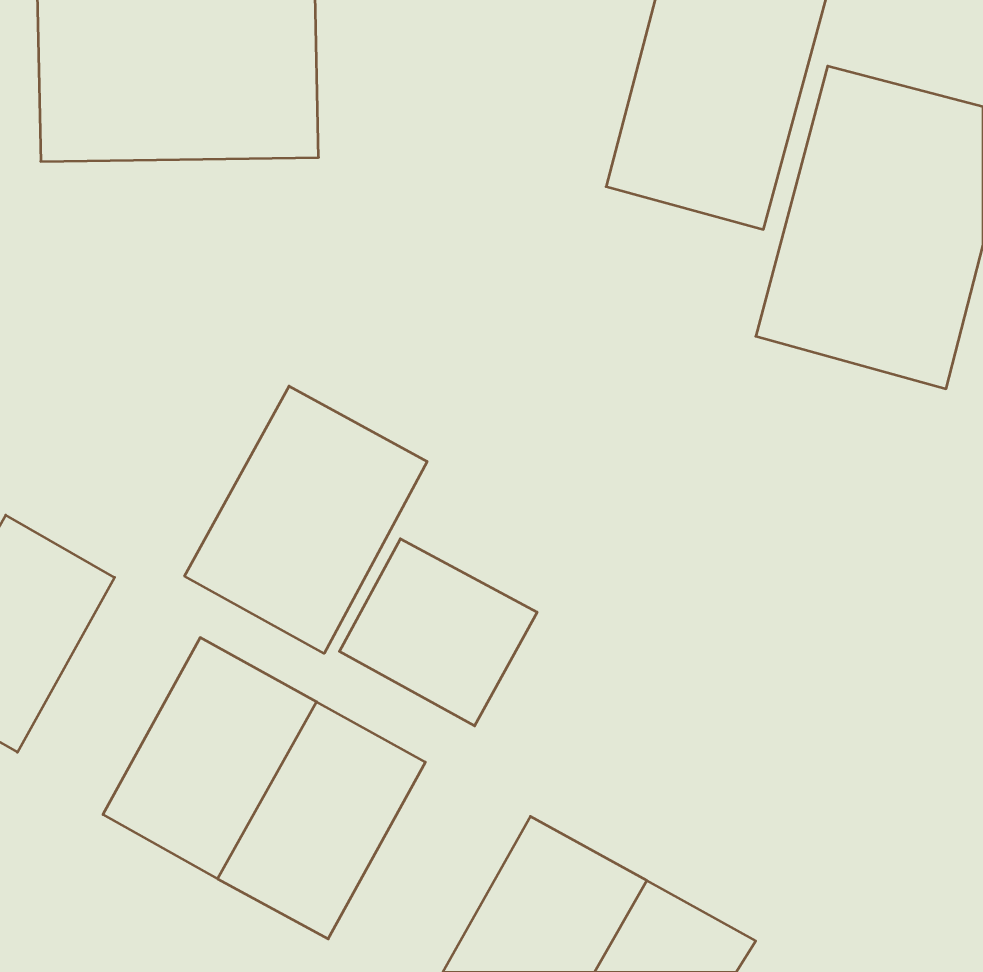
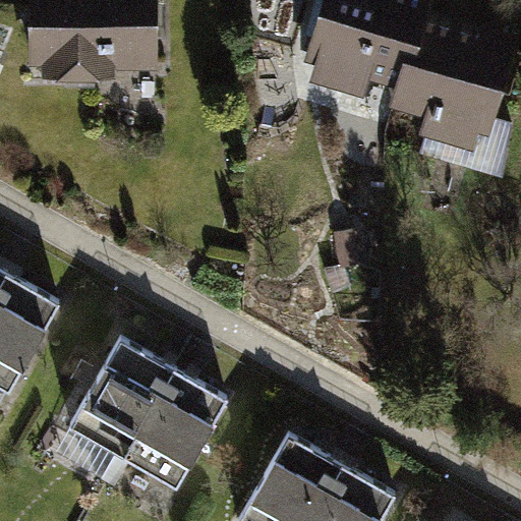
building: [185,386,427,653] -> none
building: [339,539,537,726] -> none

